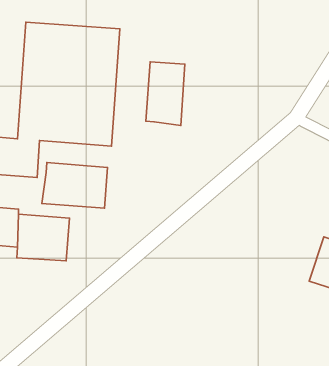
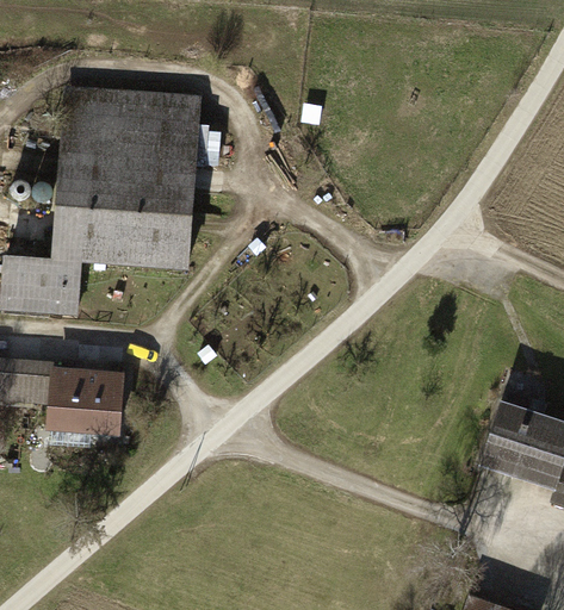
building: [146,62,185,126] -> none
building: [42,162,107,208] -> none

